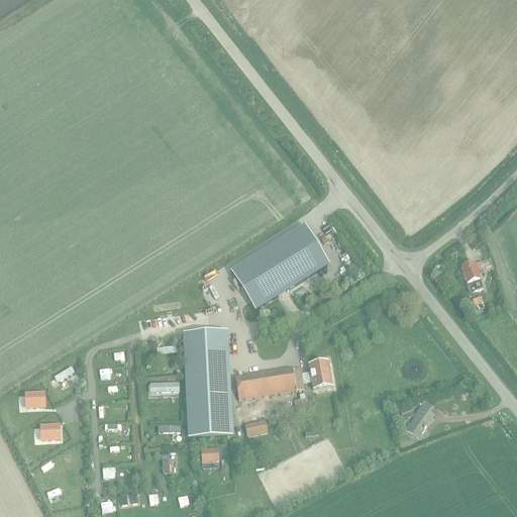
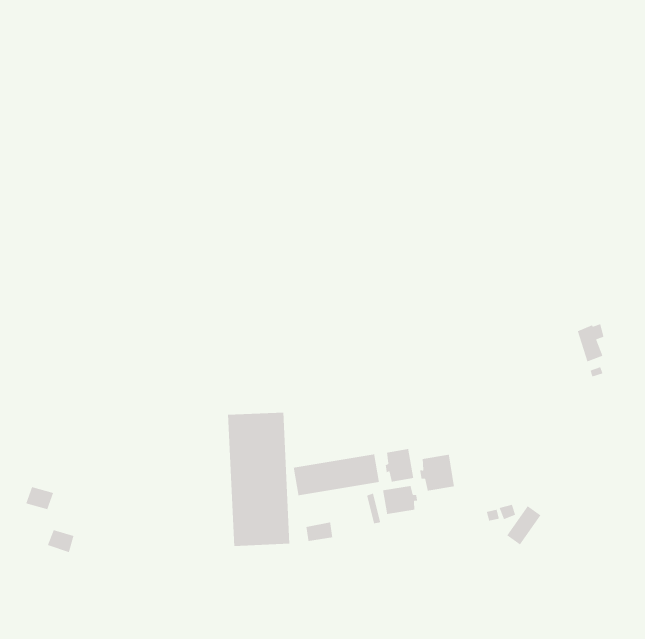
building: [231,223,328,307] -> none
building: none -> [419,454,455,491]
building: none -> [382,485,418,515]

